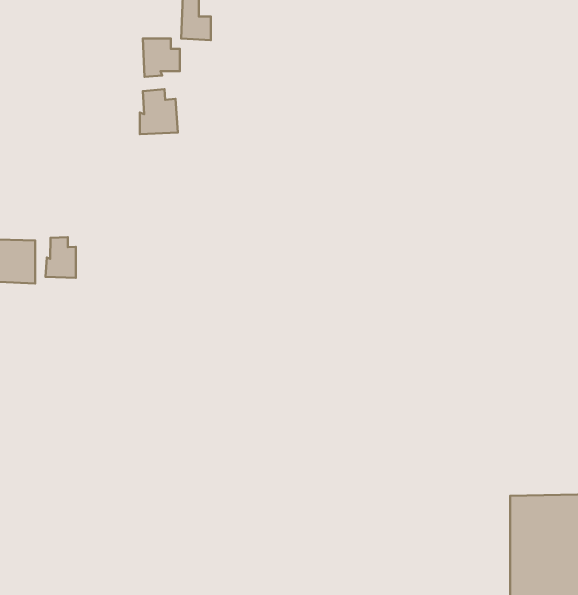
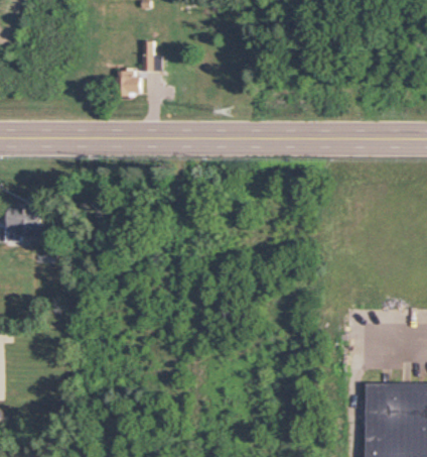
building: [140,89,178,134] -> none
building: [46,237,76,278] -> none

